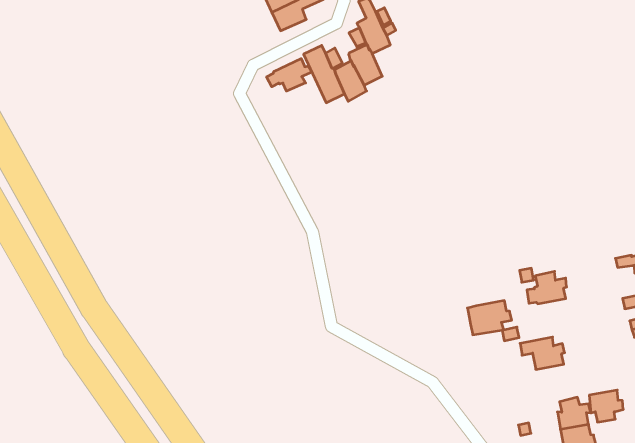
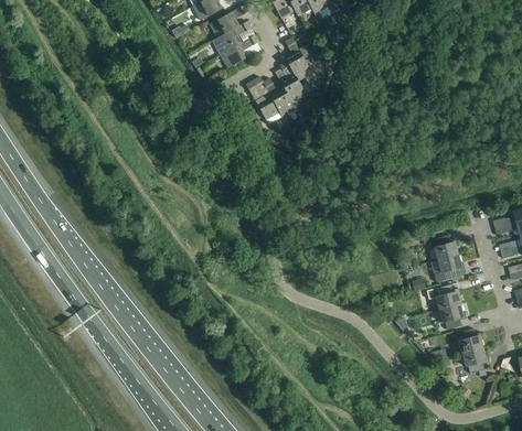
building: [267,59,312,91] -> none
building: [467,301,512,335] -> [430,256,465,283]
building: [589,390,623,422] -> [439,305,466,331]

